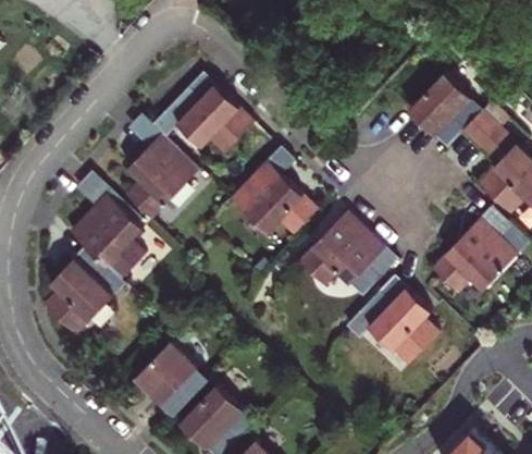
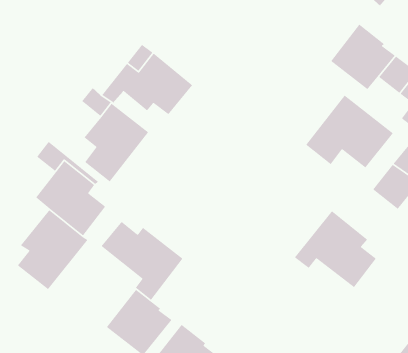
building: [230,147,321,236] -> none
building: [297,211,396,295] -> [305,94,394,169]
building: none -> [100,221,183,301]

